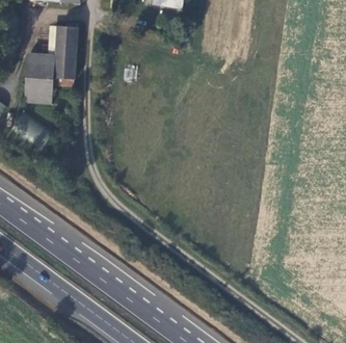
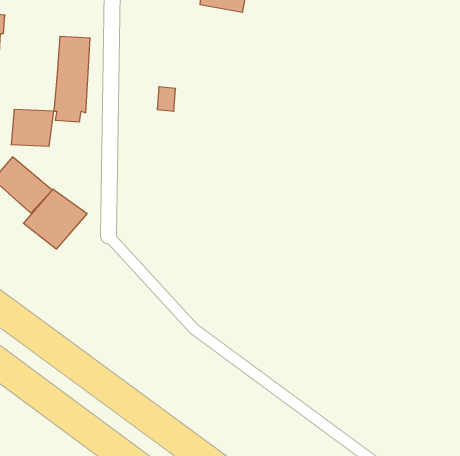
building: [26,55,55,79] -> none
building: none -> [23,189,87,249]

